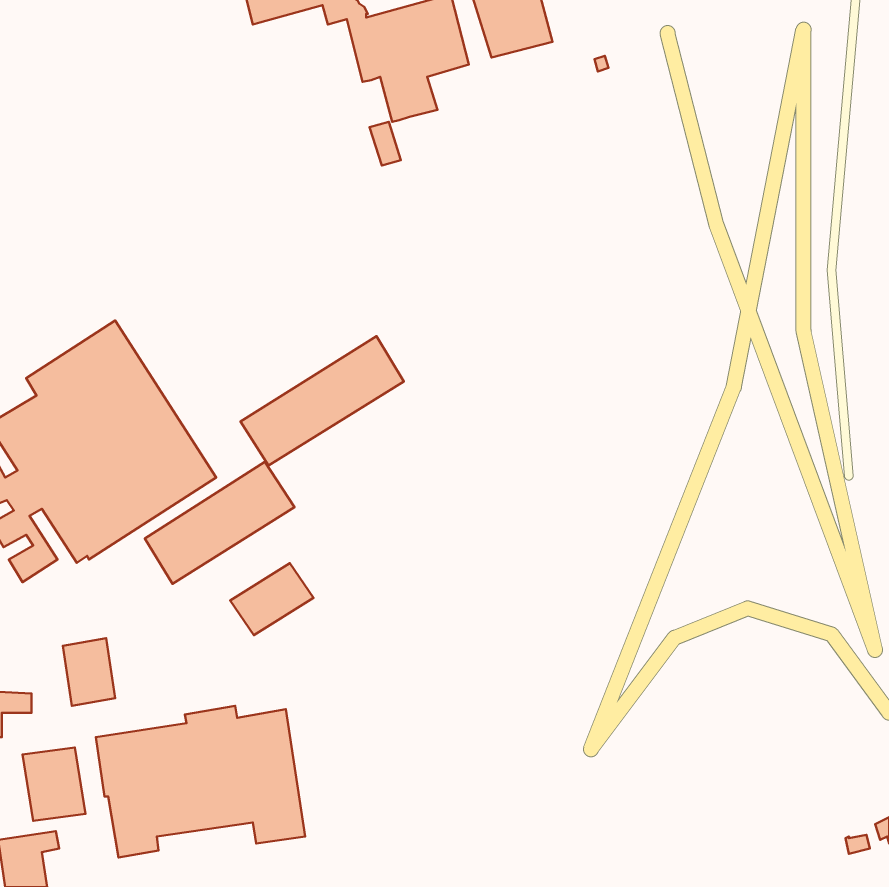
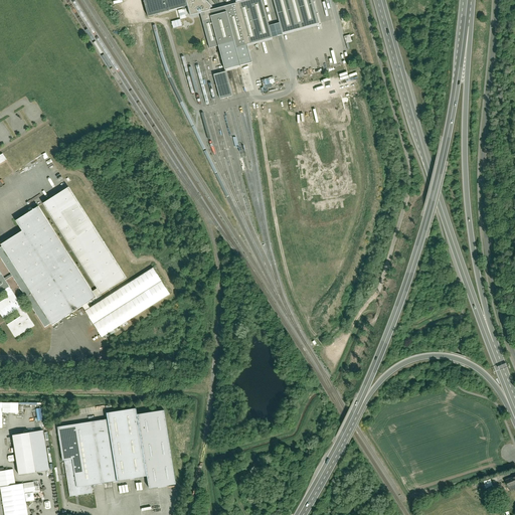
building: [240,336,404,465] -> none
building: [230,563,313,635] -> none
building: [63,638,115,706] -> none

